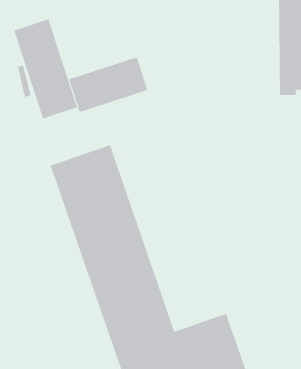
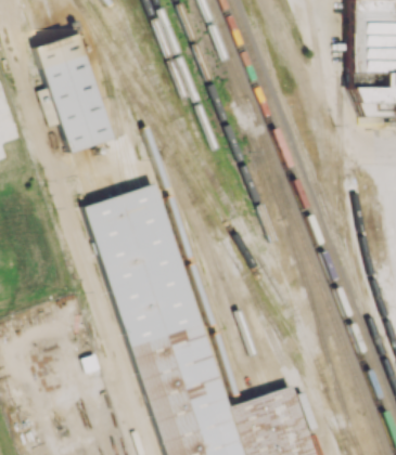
building: [69,56,148,113] -> none

